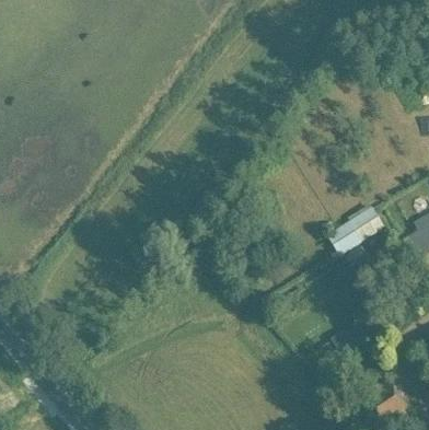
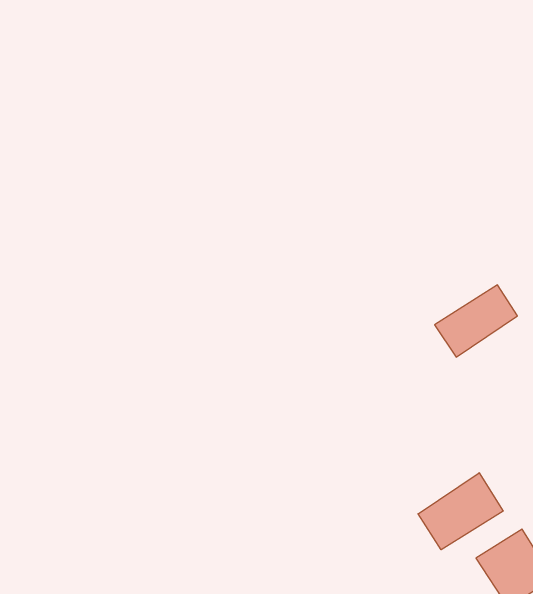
building: none -> [418,473,503,550]

